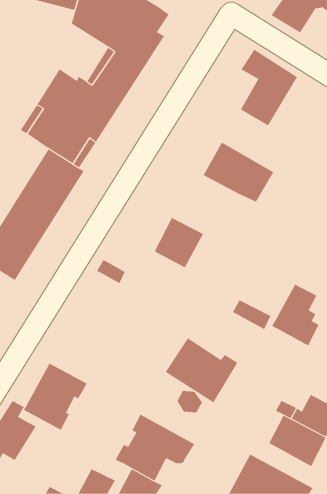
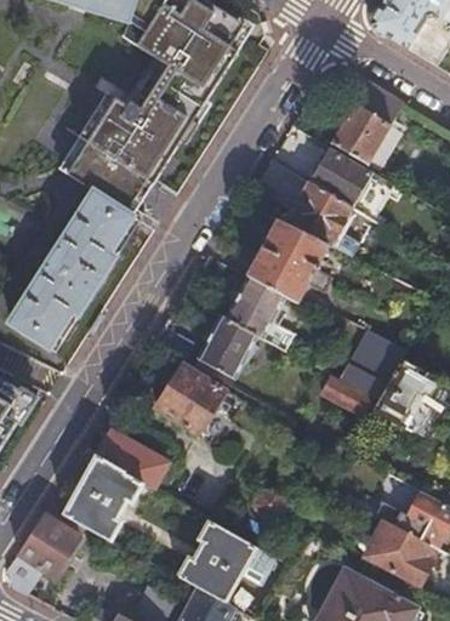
building: none -> [308,146,393,218]
building: none -> [246,218,327,301]
building: none -> [196,314,270,378]
building: none -> [341,330,404,397]
building: [165,337,238,403] -> [155,363,246,444]
building: none -> [95,428,167,486]

